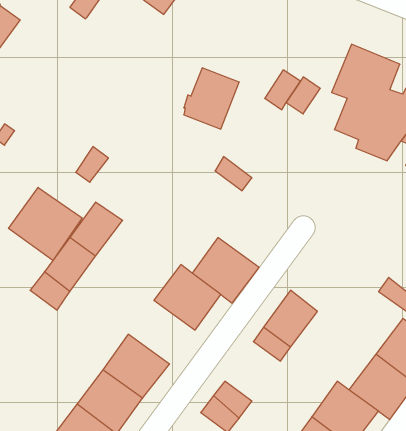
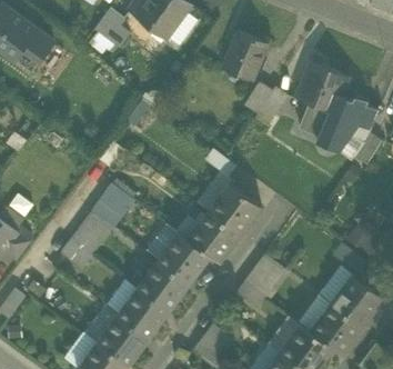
building: [184,68,239,129] -> [223,30,266,78]
building: [9,187,82,260] -> none
building: none -> [208,181,260,233]
building: none -> [138,259,190,309]

